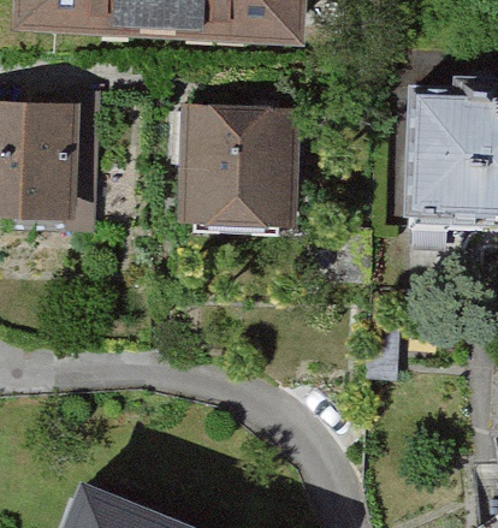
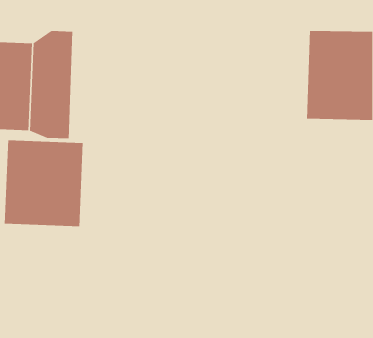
building: [184,107,295,230] -> none
building: none -> [4,139,84,227]

